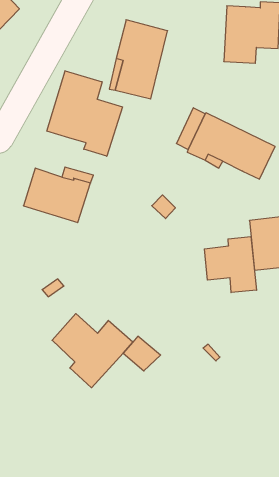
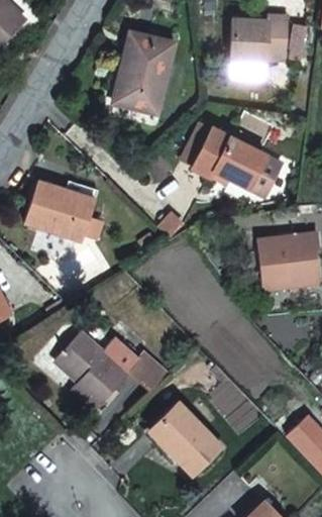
building: [47,71,122,156] -> none
building: [204,237,257,293] -> none
building: none -> [152,403,222,475]

